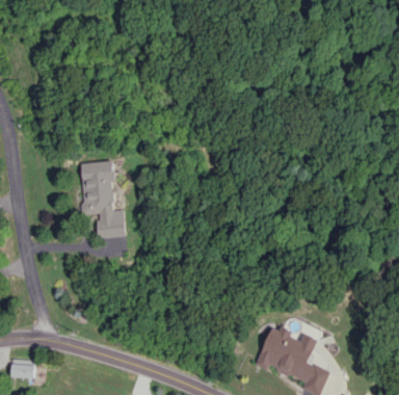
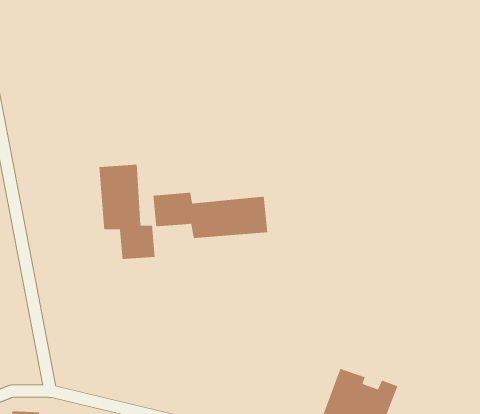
building: none -> [153,192,268,239]

